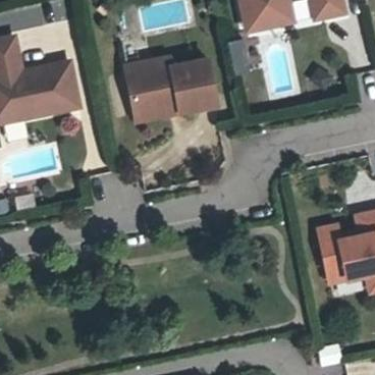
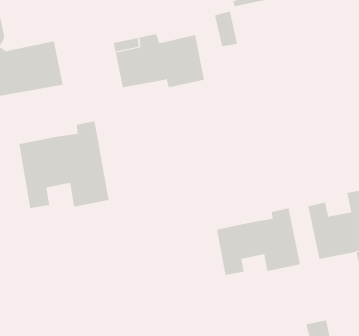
building: none -> [19,120,109,209]
building: none -> [216,208,301,276]

